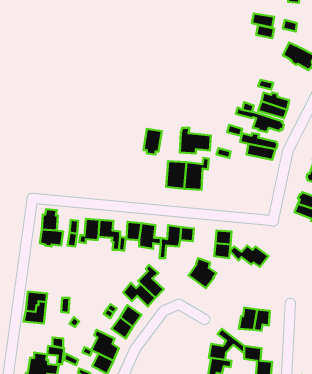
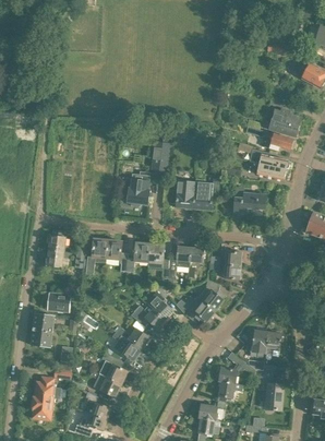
building: [180,128,211,154] -> [233,187,265,213]
building: none -> [121,172,149,205]
building: [230,245,268,267] -> [176,299,215,321]
building: none -> [45,291,70,312]

